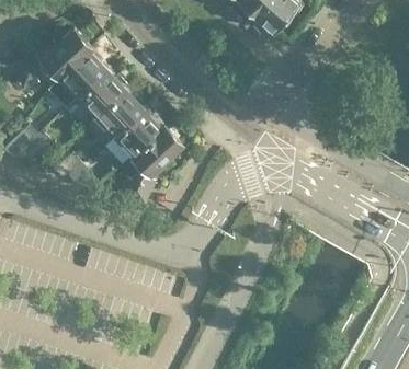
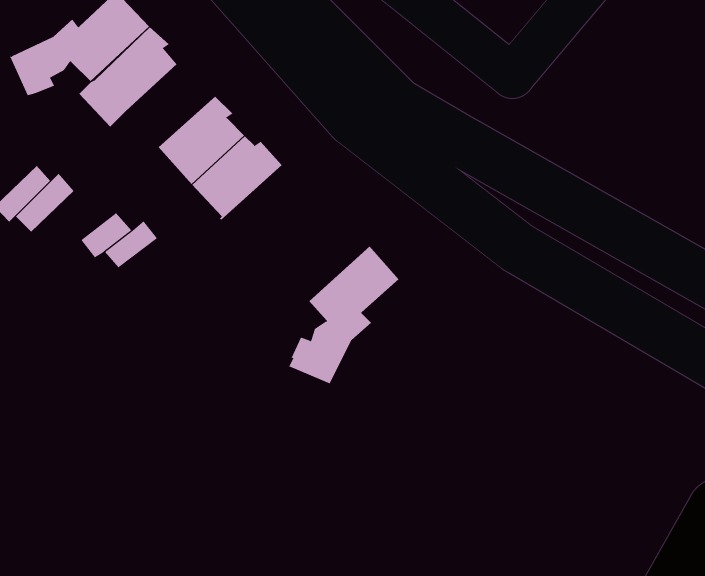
building: [70,68,120,114] -> none
building: [112,124,173,200] -> [289,246,399,384]

